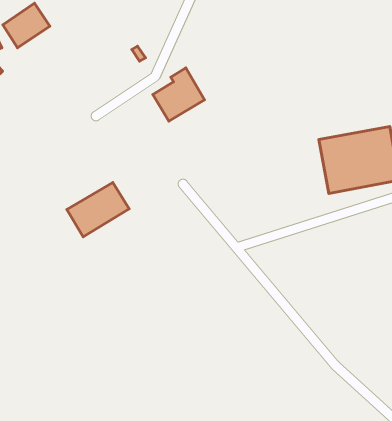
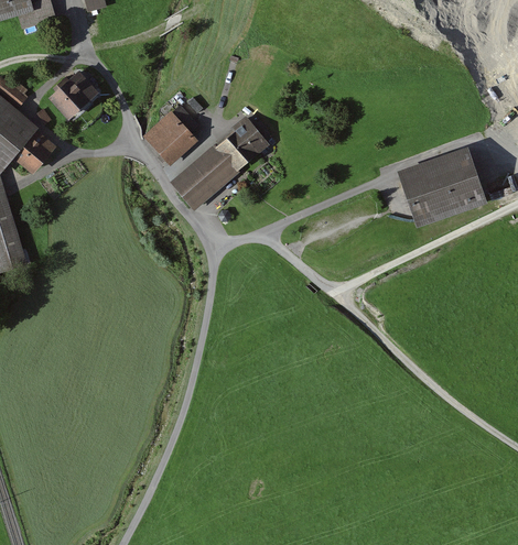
building: none -> [142,105,199,166]
building: [67,182,129,237] -> [171,146,236,208]

